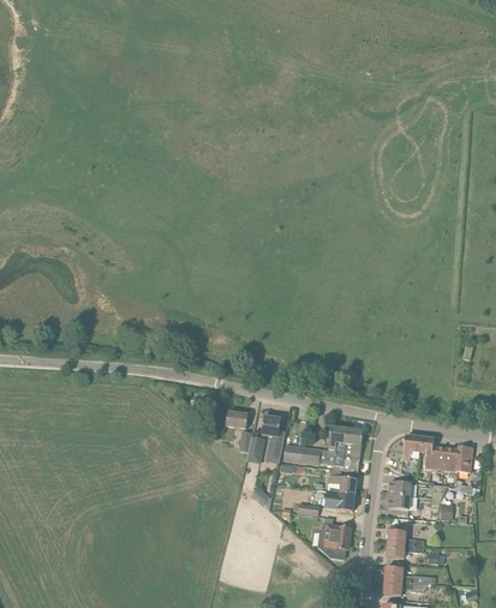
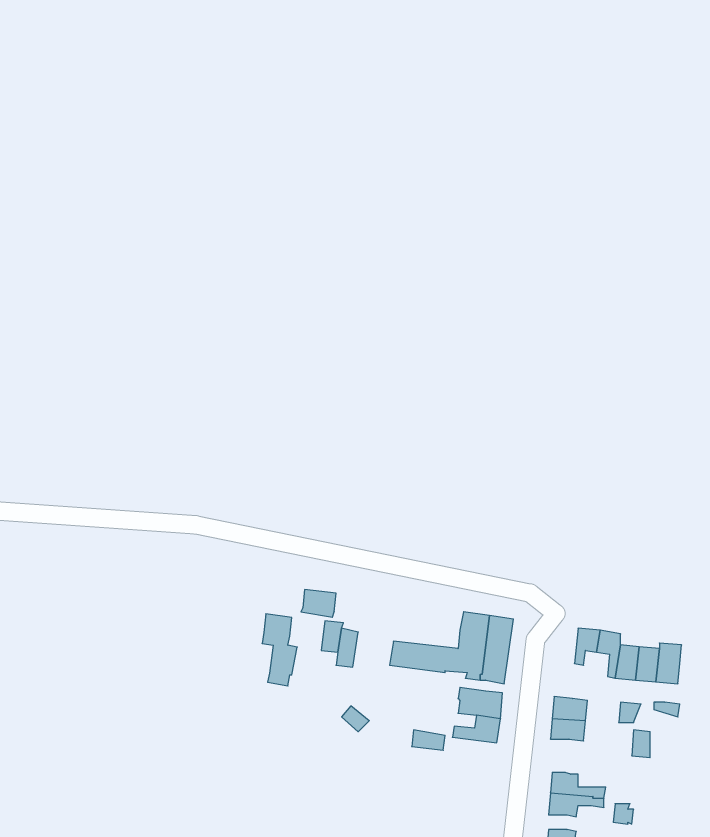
building: [261,416,283,463] -> [262,614,297,686]
building: [316,524,349,560] -> none

